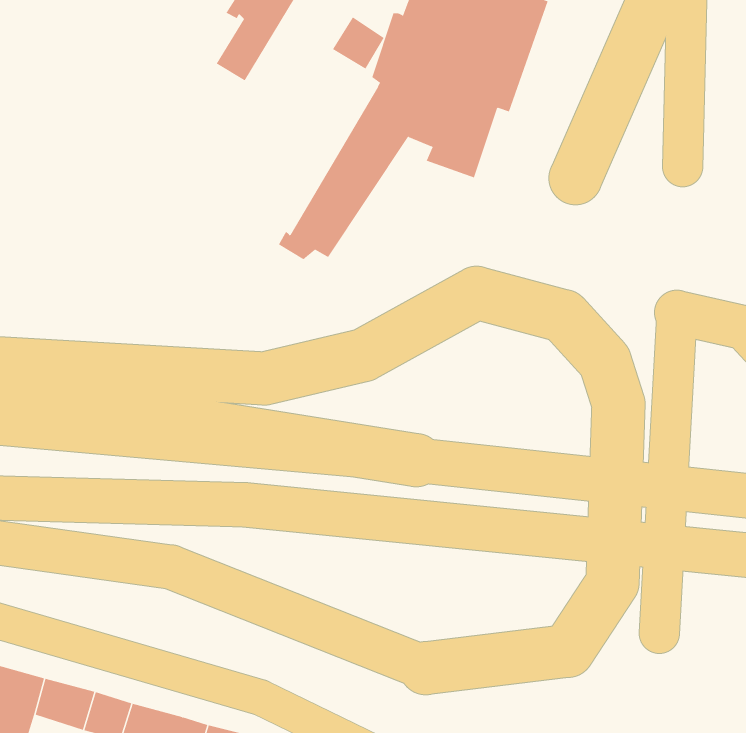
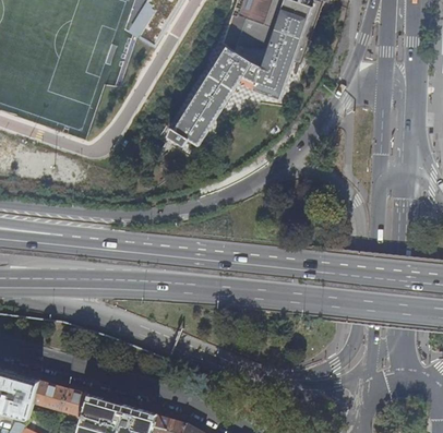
building: [332,16,385,69] -> none

